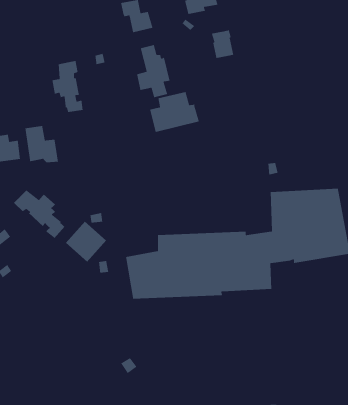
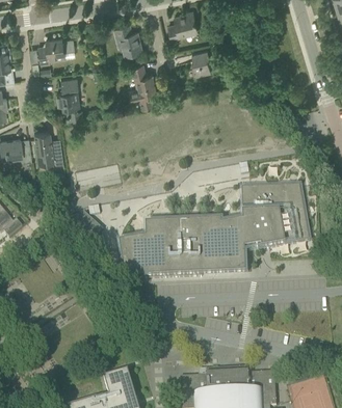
building: none -> [38,36,73,64]
building: [149,91,200,133] -> none
building: [13,190,65,239] -> none

